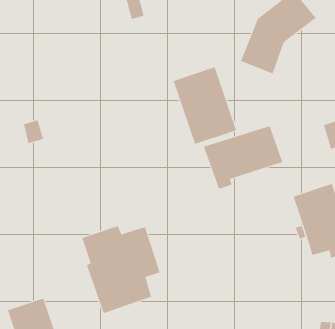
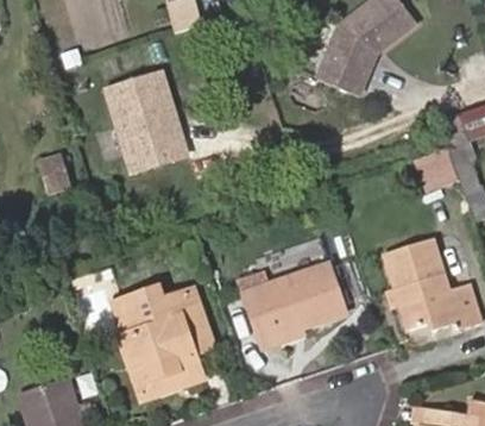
building: [173,67,237,145] -> [111,76,191,175]
building: [203,126,283,190] -> [244,267,345,347]

